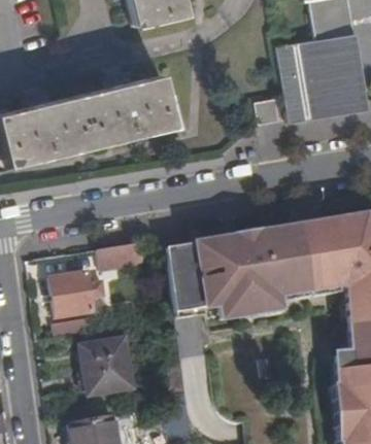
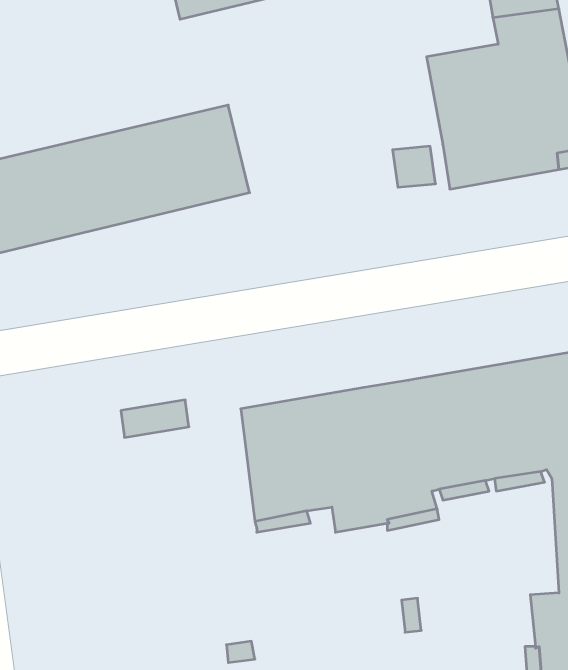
building: [52,273,107,318] -> none
building: [83,340,134,396] -> none

